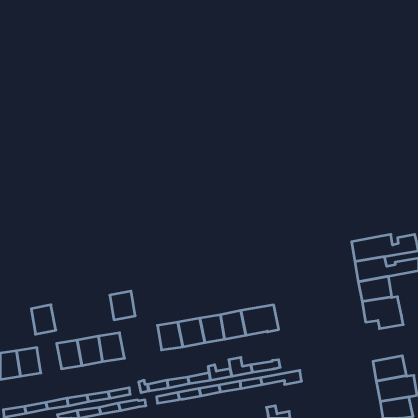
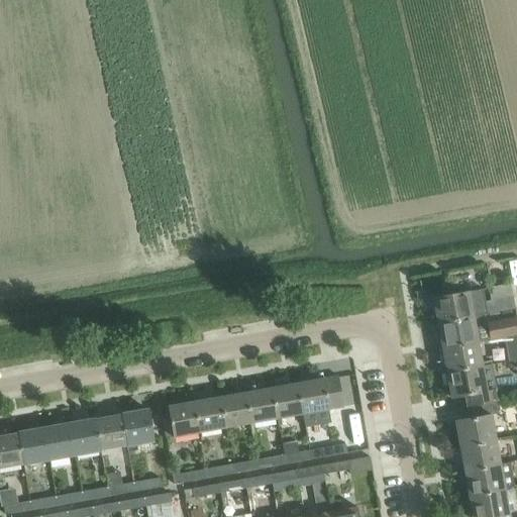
building: [110,291,135,320] -> [169,401,200,436]
building: [31,305,56,334] -> [46,423,77,459]
building: none -> [456,400,500,445]

